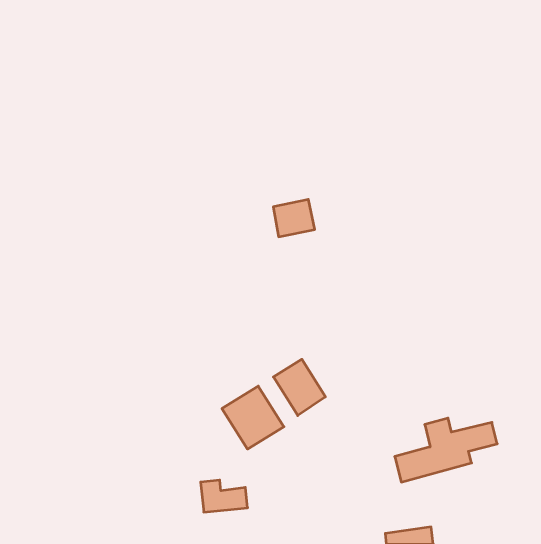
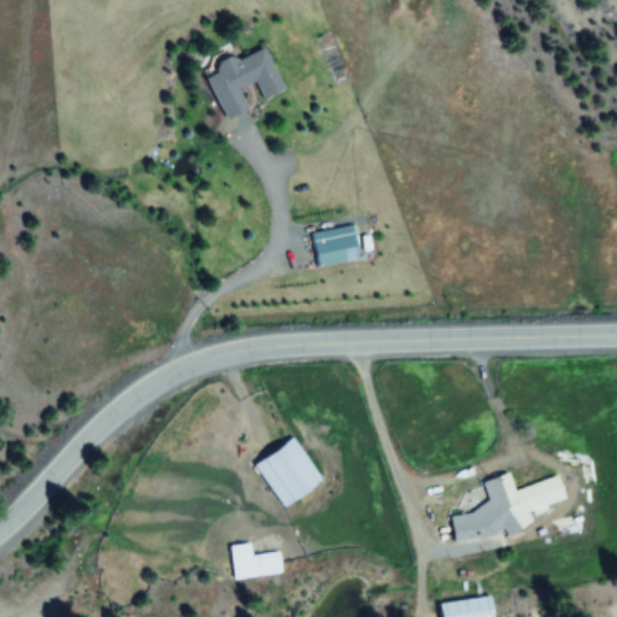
building: none -> [206,46,287,119]
building: [273,359,325,416] -> none

